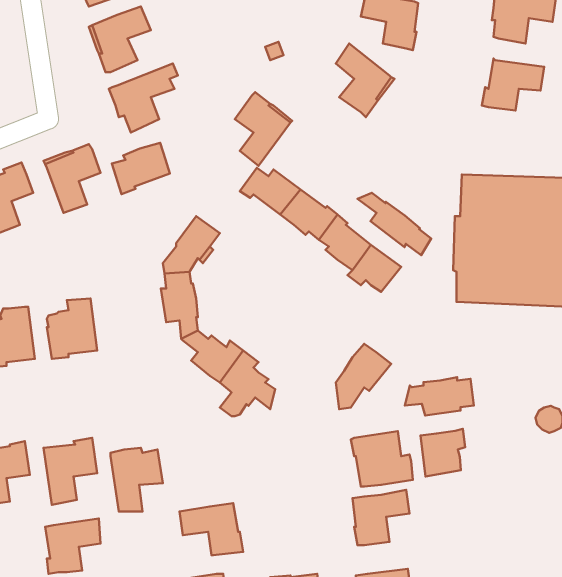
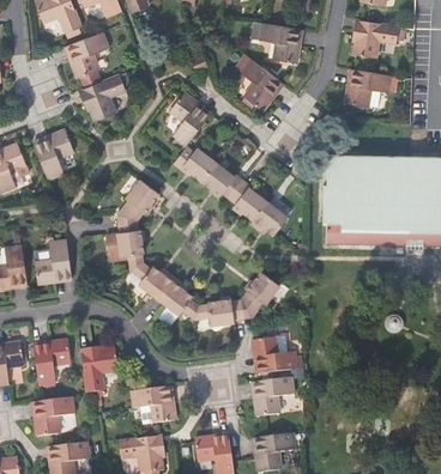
building: [112,143,170,194] -> none
building: [358,193,431,255] -> none
building: [405,377,474,416] -> [194,298,243,326]
building: [421,429,465,476] -> none

